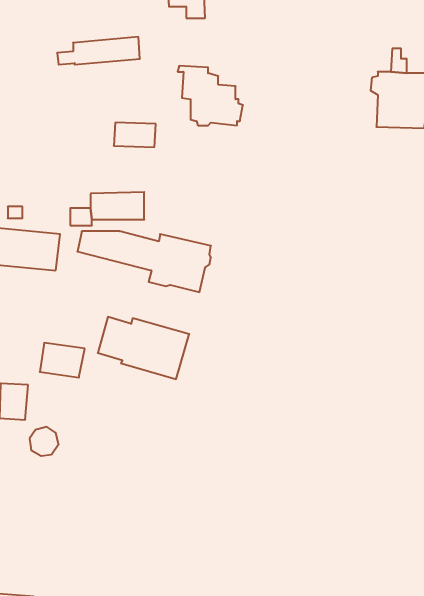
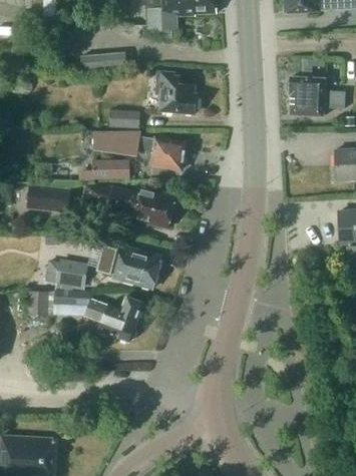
building: none -> [94,130,186,168]
building: none -> [55,289,143,341]

